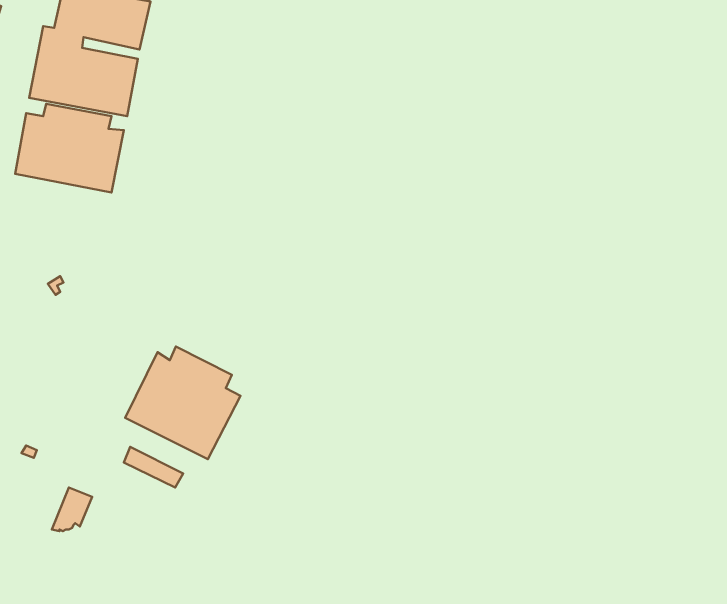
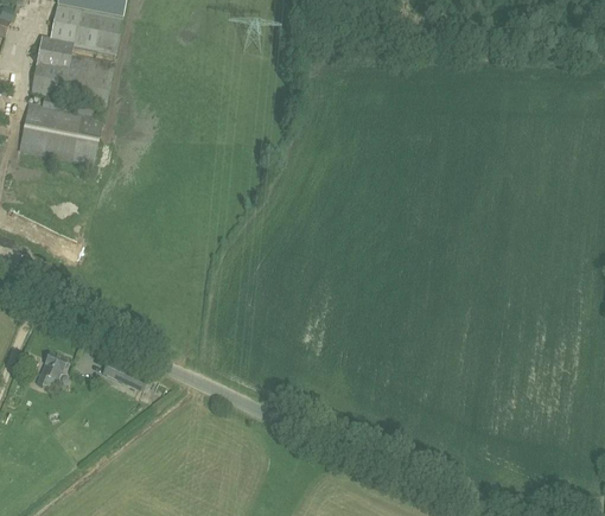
building: [125,347,240,459] -> none
building: [52,488,92,531] -> [36,352,66,386]

